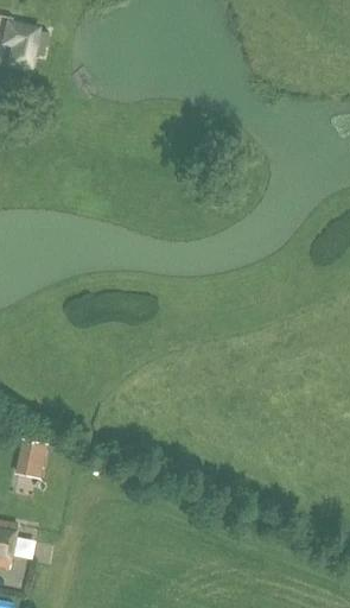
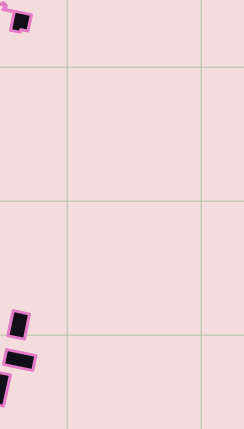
building: none -> [3,349,36,370]

